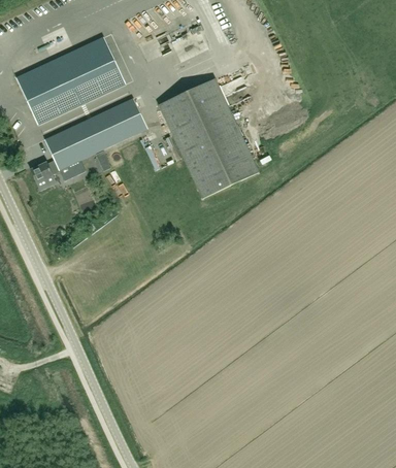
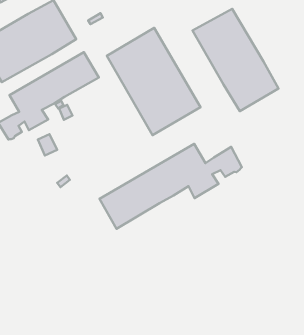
building: none -> [193,9,279,111]
building: none -> [100,144,242,229]

